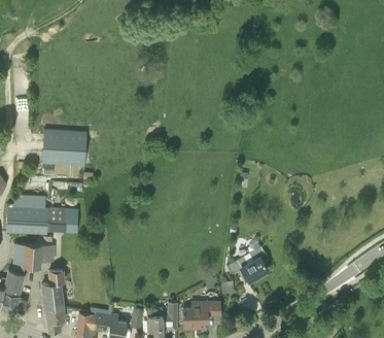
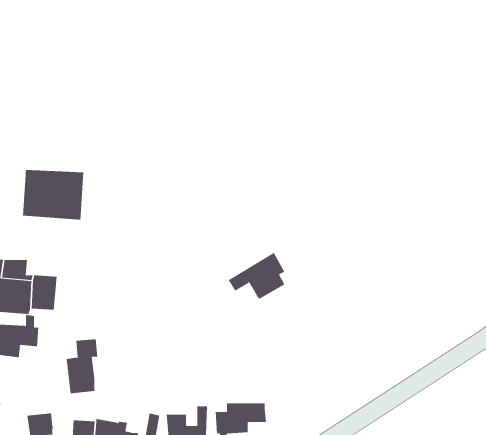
building: [225,246,268,281] -> [228,252,285,300]
building: [41,270,65,310] -> [66,339,98,394]

